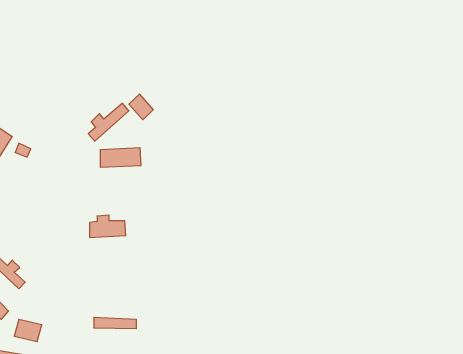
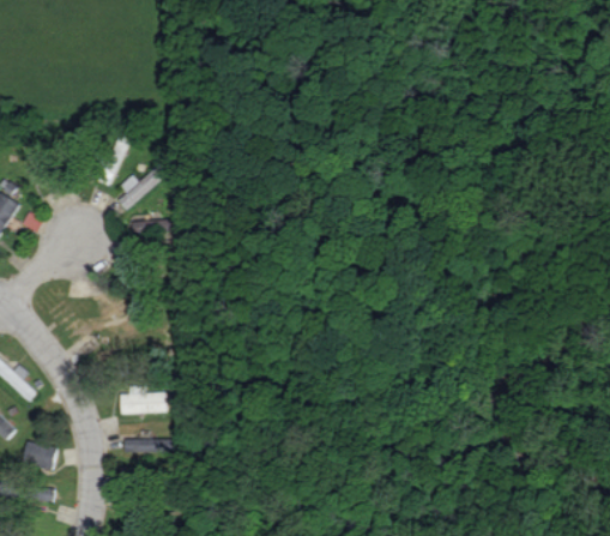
building: [129,94,153,120] -> none
building: [90,215,126,237] -> [119,385,165,414]

